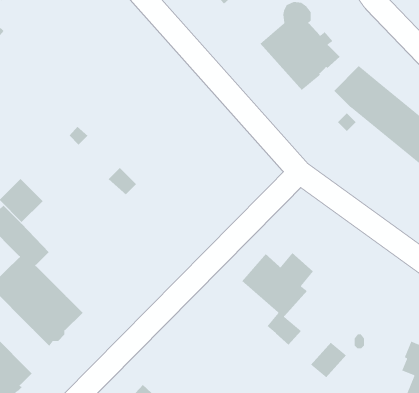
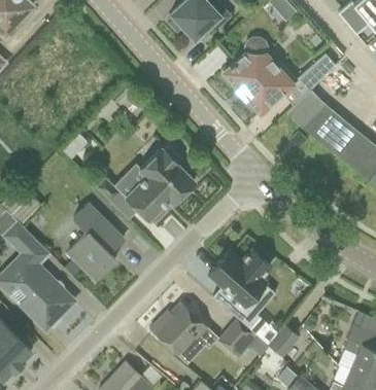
building: none -> [298,55,336,92]
building: none -> [126,148,196,221]
building: none -> [68,204,125,281]
building: none -> [150,303,207,355]
building: none -> [217,319,258,359]

